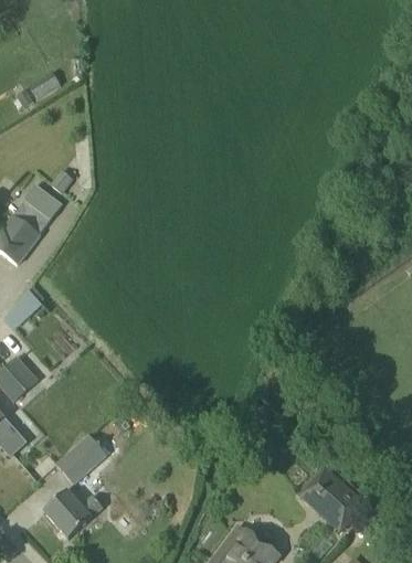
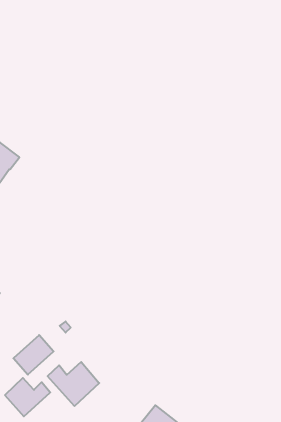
building: [299,468,363,531] -> none
building: none -> [48,362,99,406]

